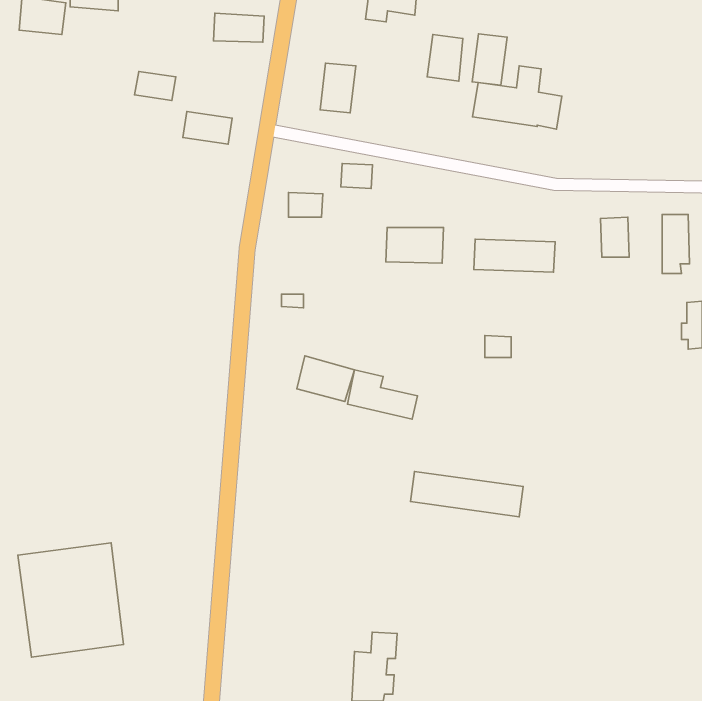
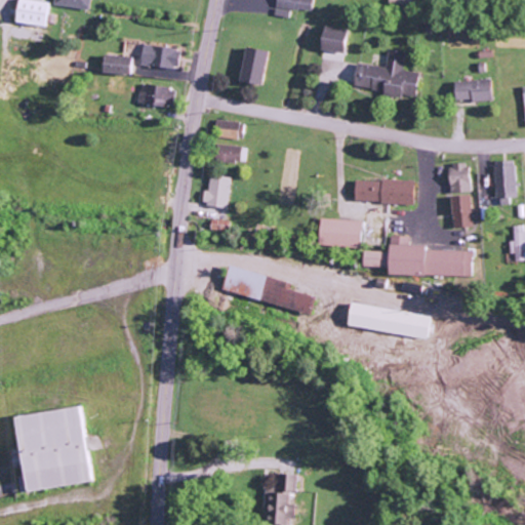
building: [213,13,264,42] -> [140,45,178,67]
building: [472,34,507,85] -> none
building: none -> [454,79,491,100]
building: [341,164,372,188] -> [215,120,239,138]
building: [386,228,444,263] -> [318,219,361,246]
building: none -> [201,174,231,207]
building: none -> [450,195,471,227]
building: none -> [388,235,471,276]
building: [410,471,523,517] -> [346,304,430,337]

